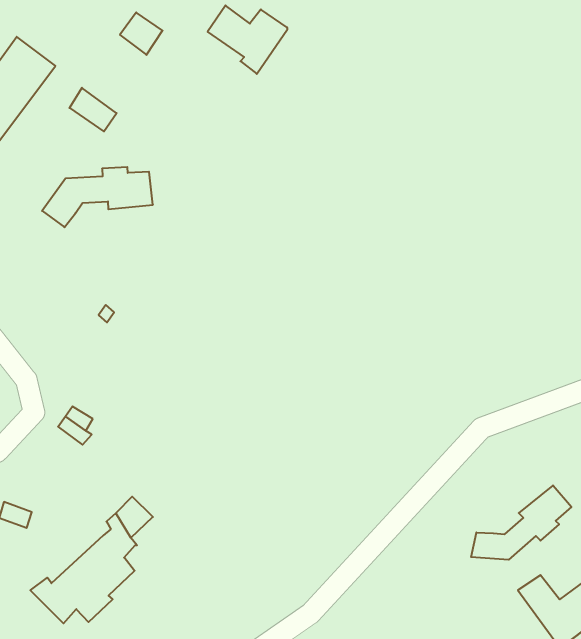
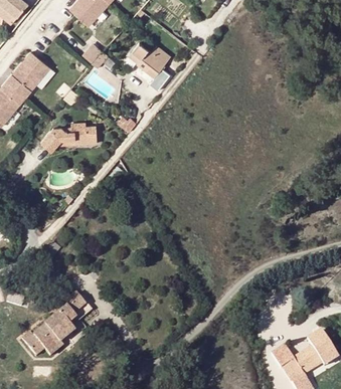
building: [471,485,571,560] -> none

